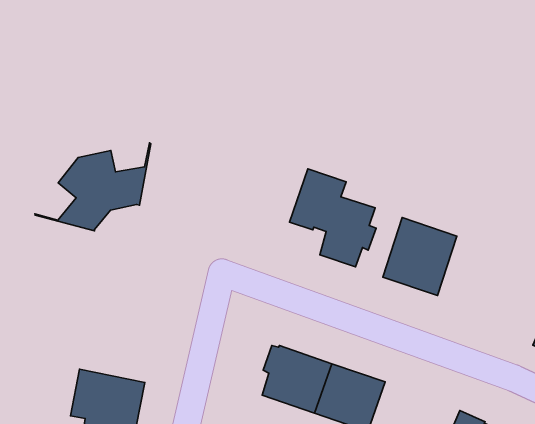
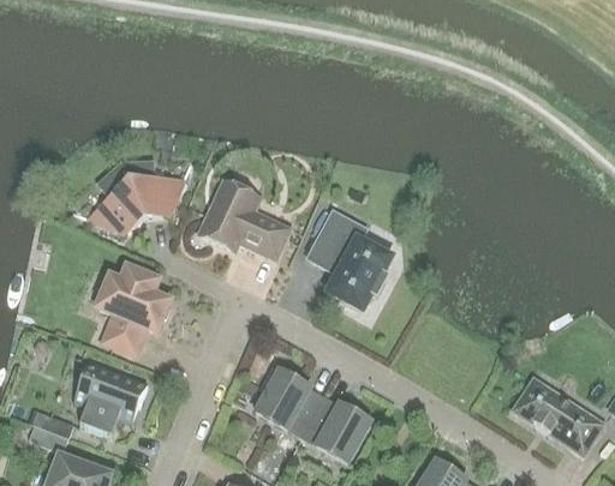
building: none -> [199,179,291,258]
building: [383,218,457,296] -> none
building: none -> [98,269,171,350]

